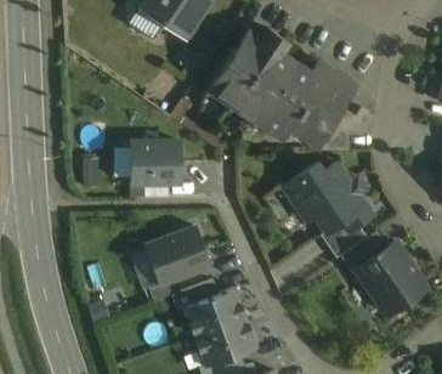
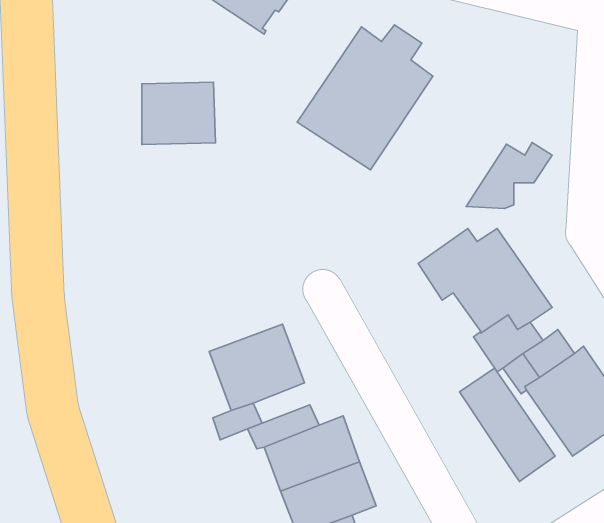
building: [253,62,352,142] -> none
building: [131,142,180,183] -> [142,82,215,145]
building: none -> [460,368,555,482]

